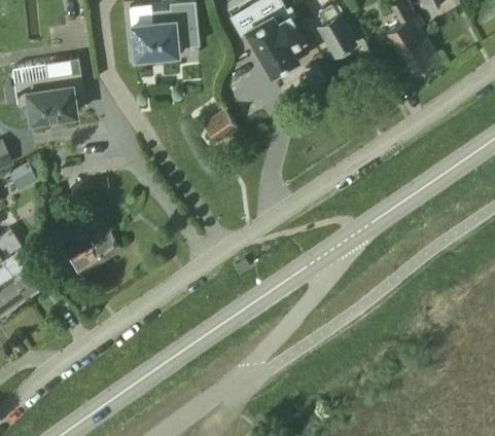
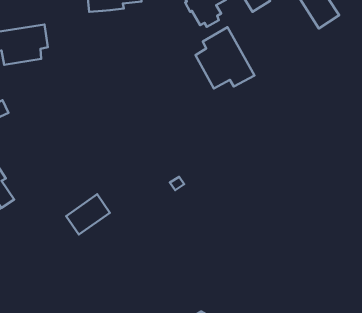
building: none -> [195,27,255,88]
building: [203,109,236,141] -> none
building: [68,228,121,278] -> [66,194,110,235]

